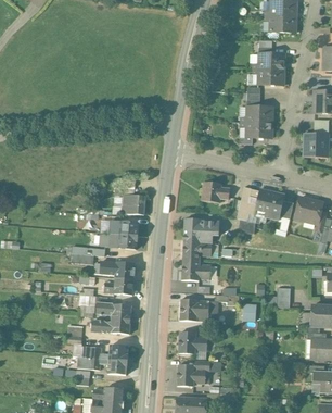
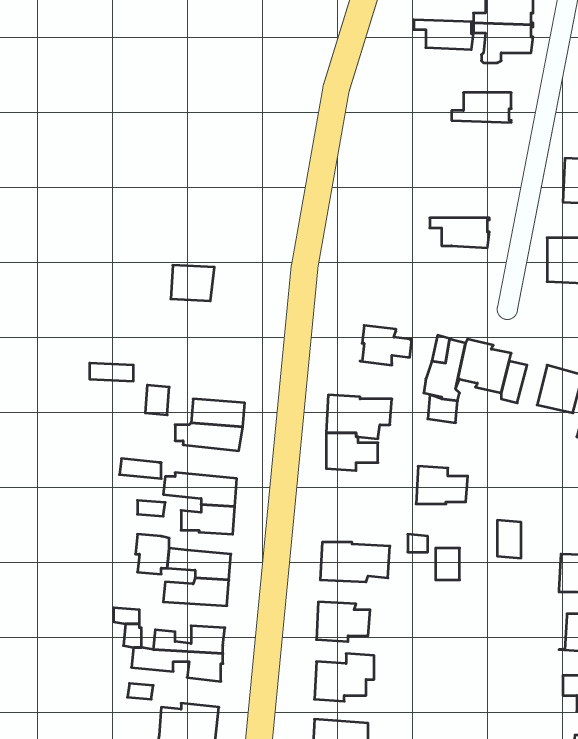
building: [252,68,284,85] -> [414,20,473,50]
building: [240,105,272,122] -> none
building: [122,195,145,214] -> [171,265,214,301]
building: [182,259,210,279] -> [416,466,468,504]

